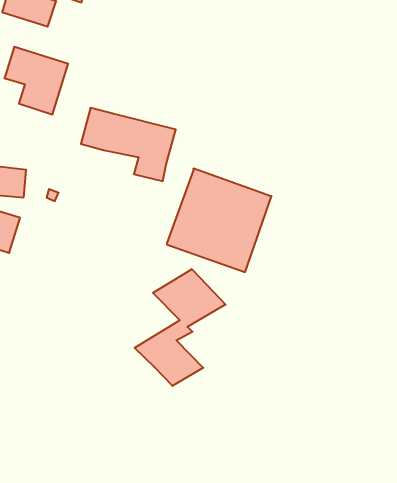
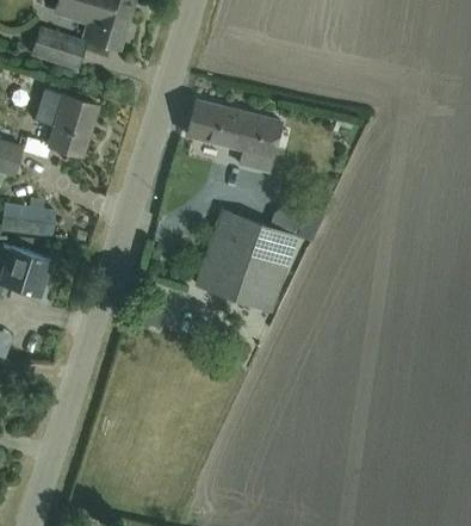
building: [81,108,176,181] -> [187,100,281,173]
building: [135,269,226,386] -> none

